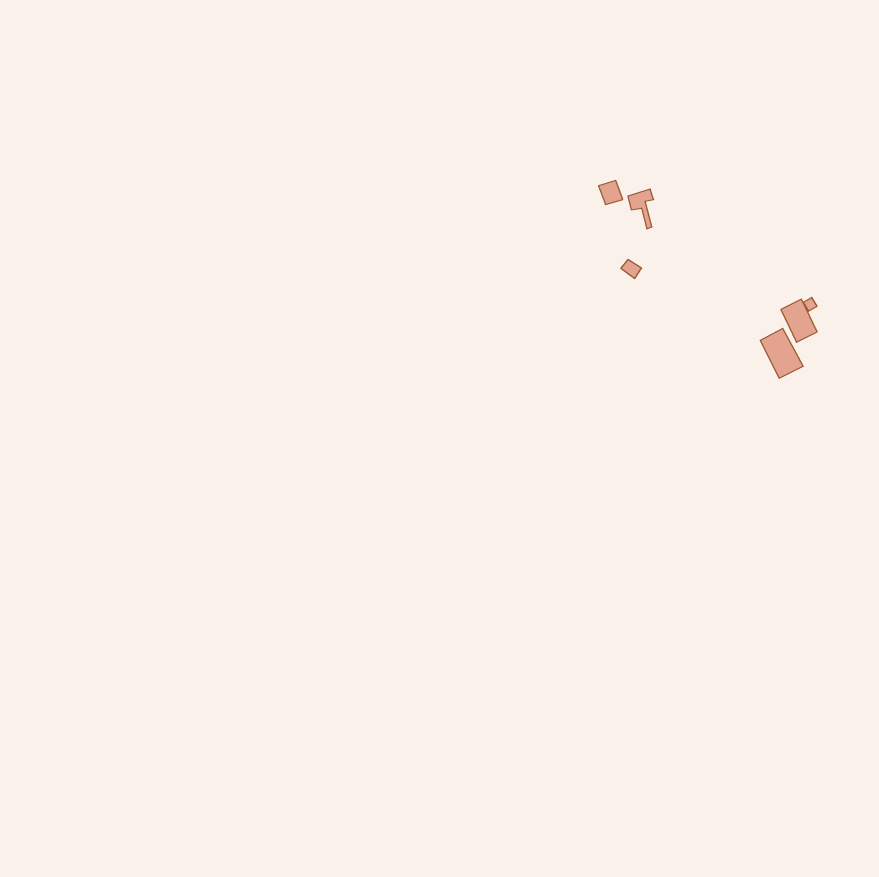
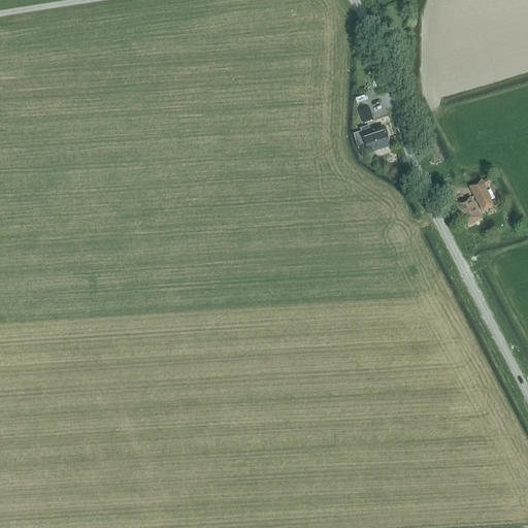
building: none -> [360,126,389,151]

